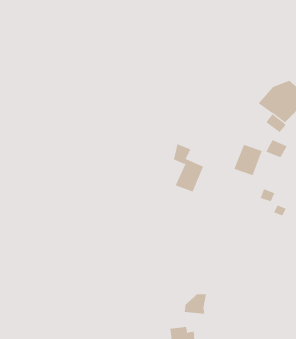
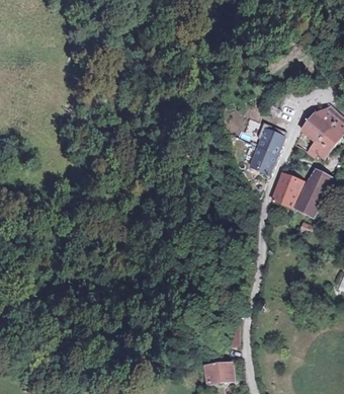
building: [173,143,204,192] -> [250,121,282,172]
building: none -> [293,180,323,214]

